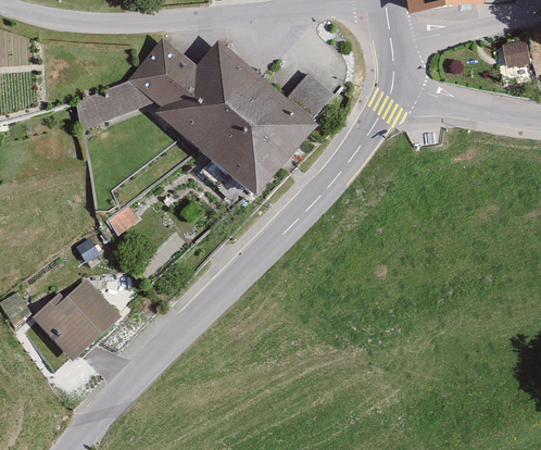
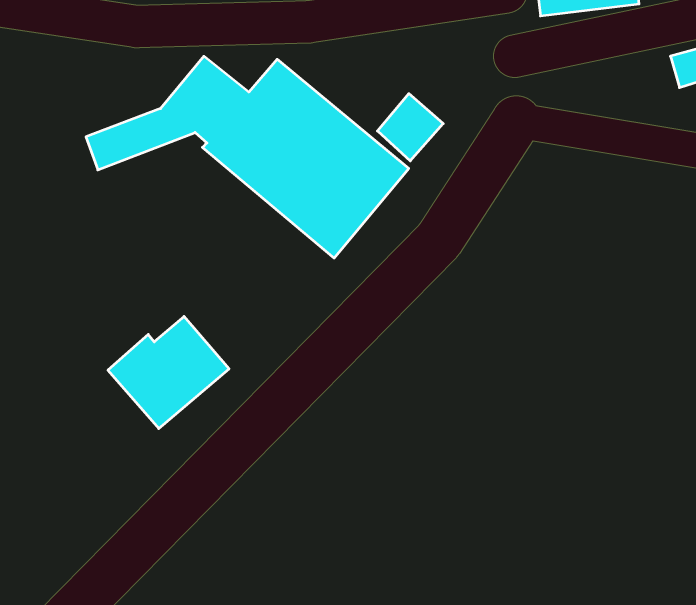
building: [24,280,112,362] -> [108,316,229,429]

